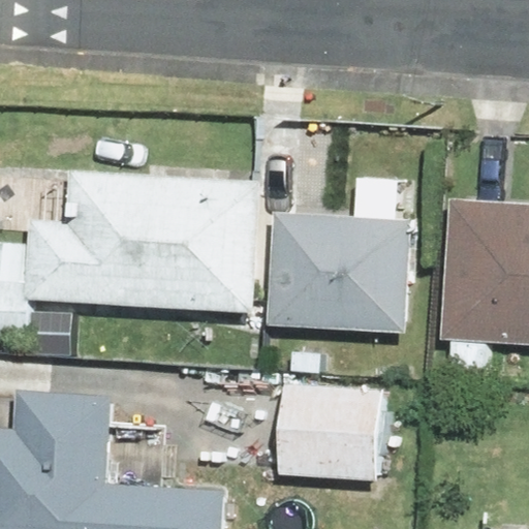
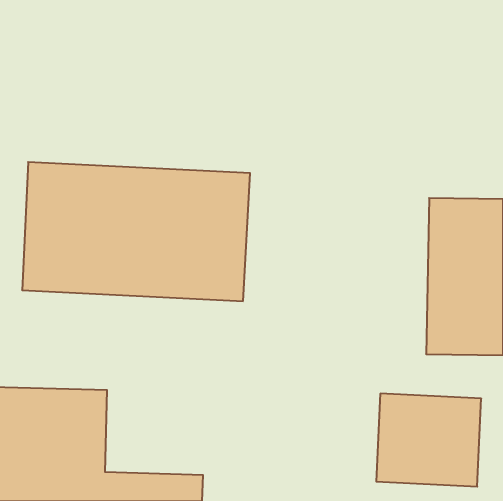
building: [269,213,417,347] -> none
building: [277,383,385,479] -> [376,394,481,487]

